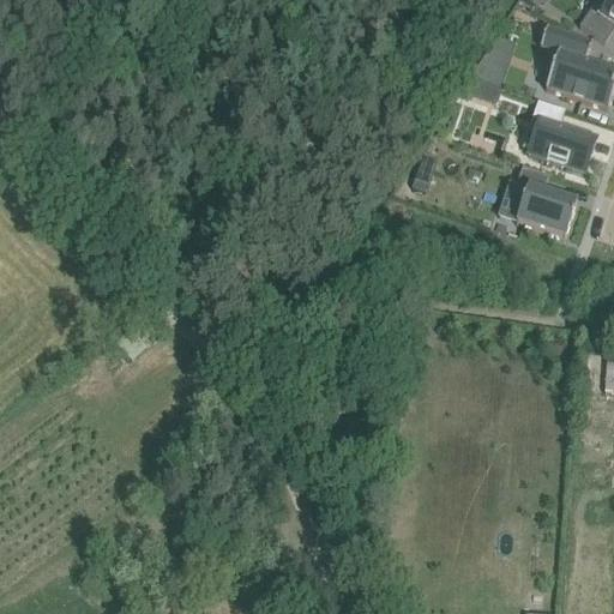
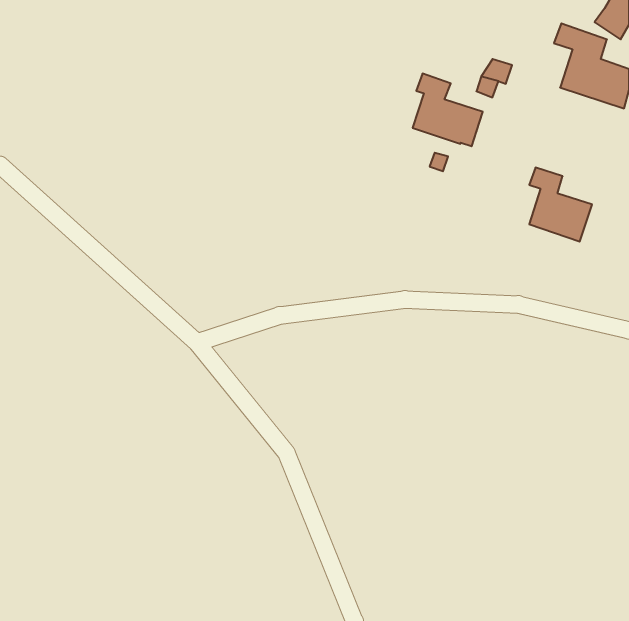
building: [528,97,596,168] -> [413,74,483,146]

